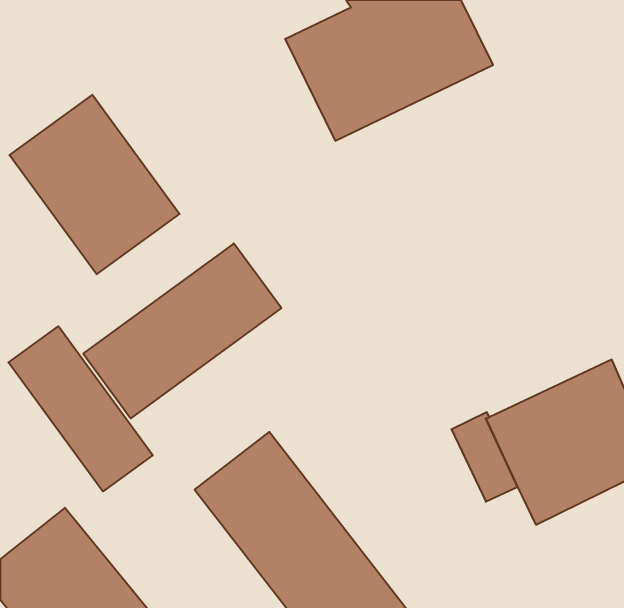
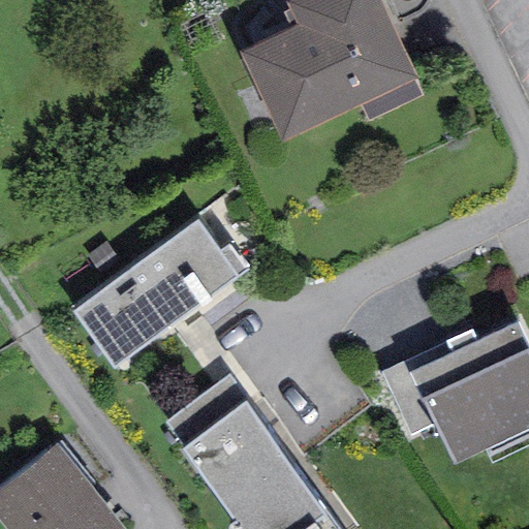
building: [9,95,180,274] -> none
building: [8,326,153,491] -> none

